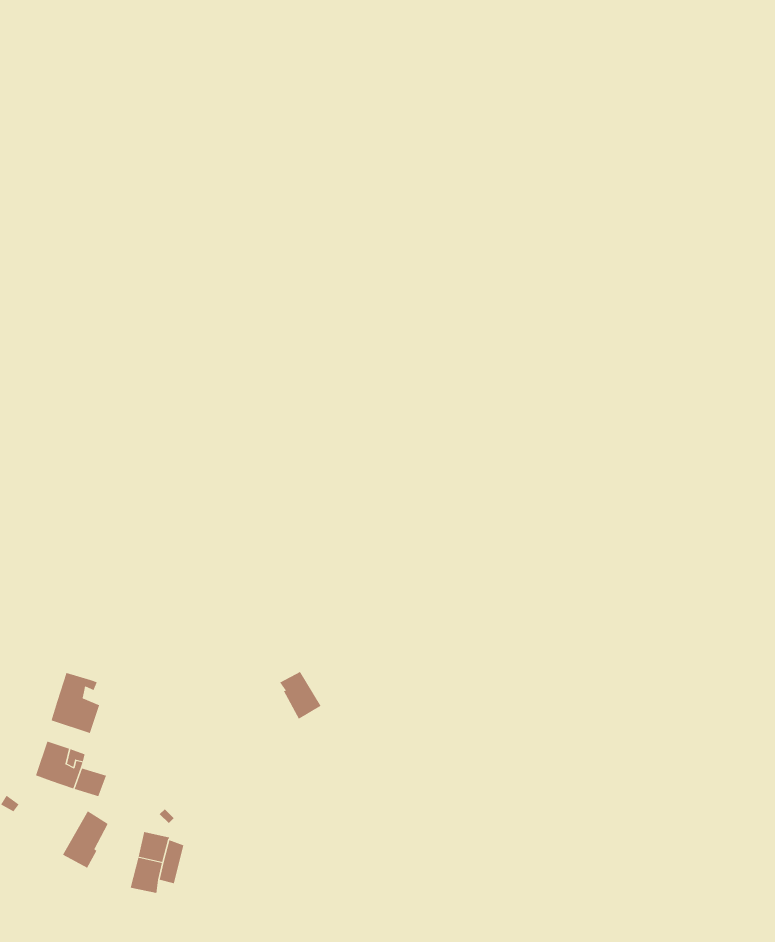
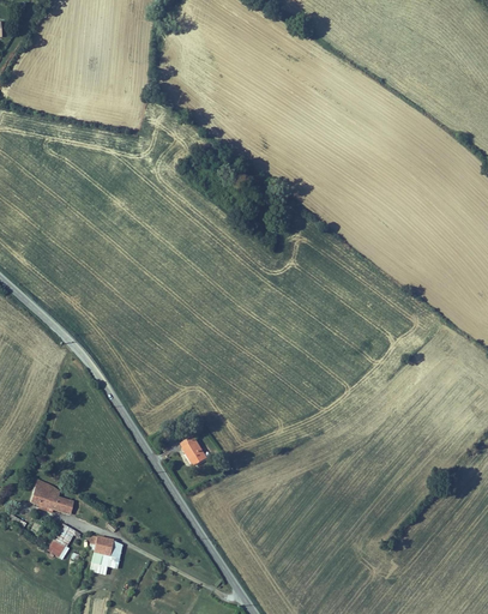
building: [51,672,100,734] -> none

